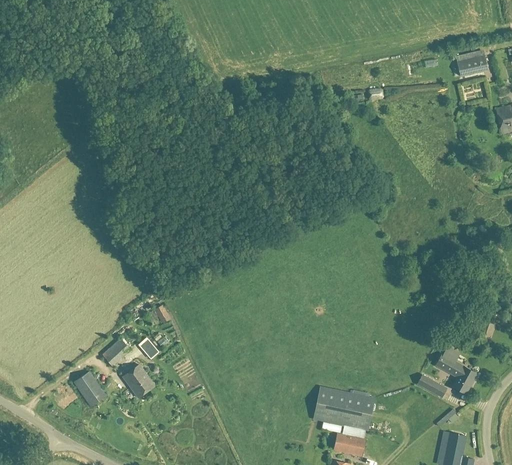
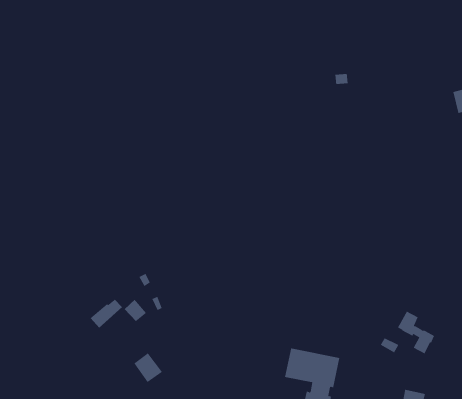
building: [457,54,488,76] -> none
building: [123,364,155,397] -> [133,353,163,383]
building: [74,371,106,406] -> none

